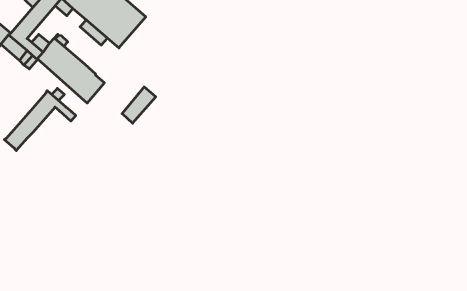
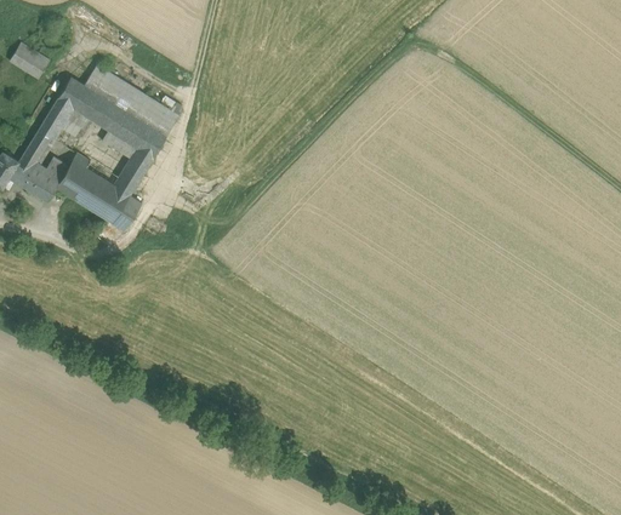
building: [122,87,156,123] -> [115,149,153,195]
building: [4,91,76,151] -> none

